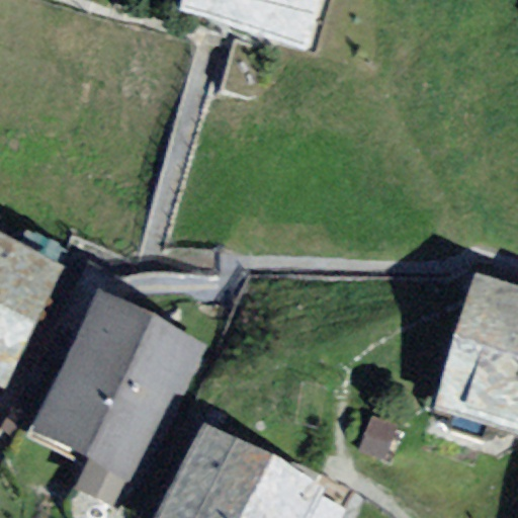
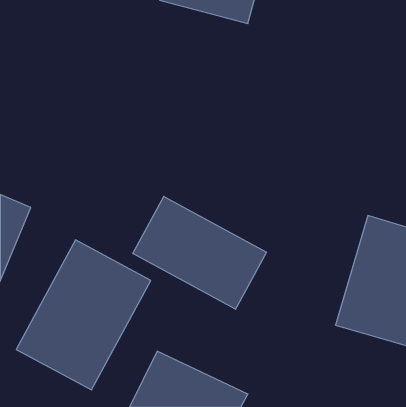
building: none -> [133,196,266,309]

